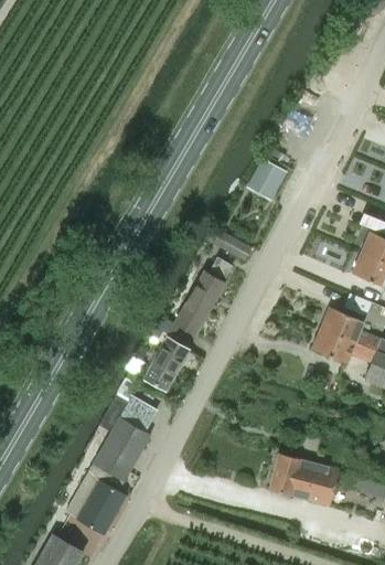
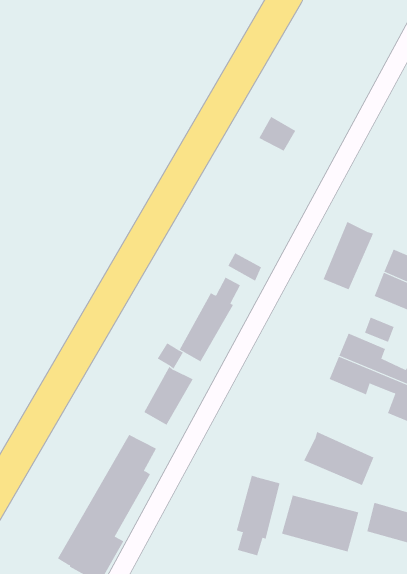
building: [250,159,285,191] -> [259,116,296,151]
building: none -> [323,221,374,290]
building: none -> [304,431,374,486]
building: none -> [236,475,280,556]

